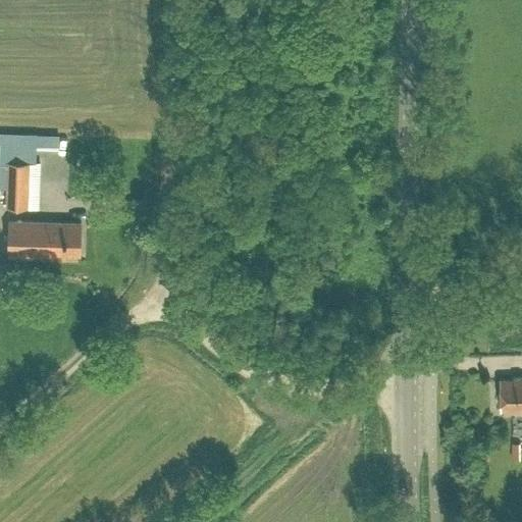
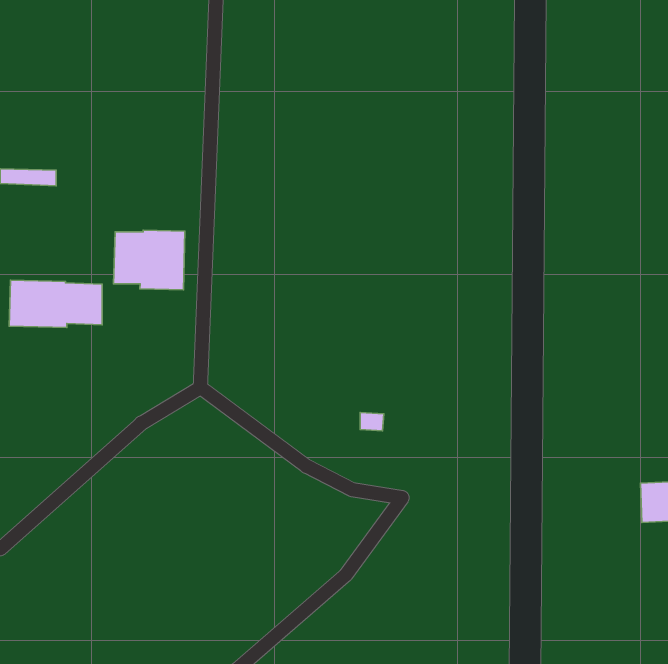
building: [6,164,29,210] -> none
building: none -> [113,230,185,290]

